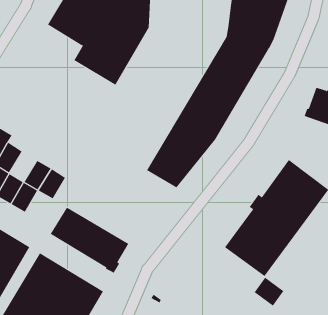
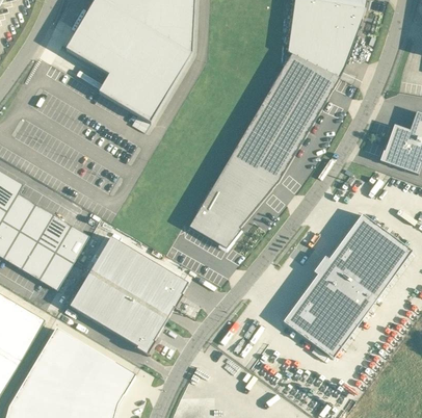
building: none -> [19,204,53,241]
building: none -> [89,236,188,317]
building: none -> [38,252,73,290]
building: [254,277,284,306] -> none

